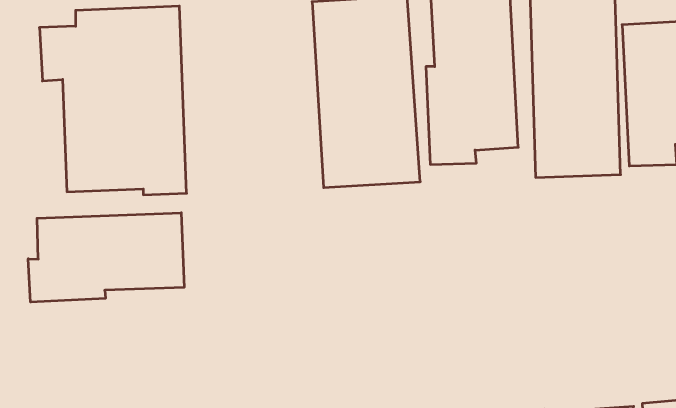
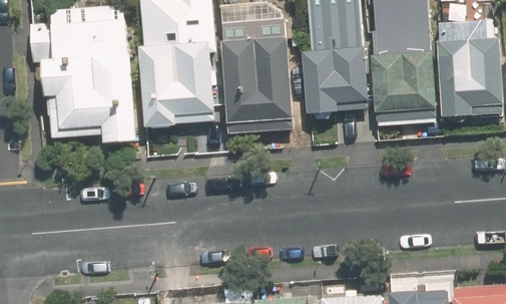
building: none -> [136,9,214,139]
building: [28,213,184,302] -> none

